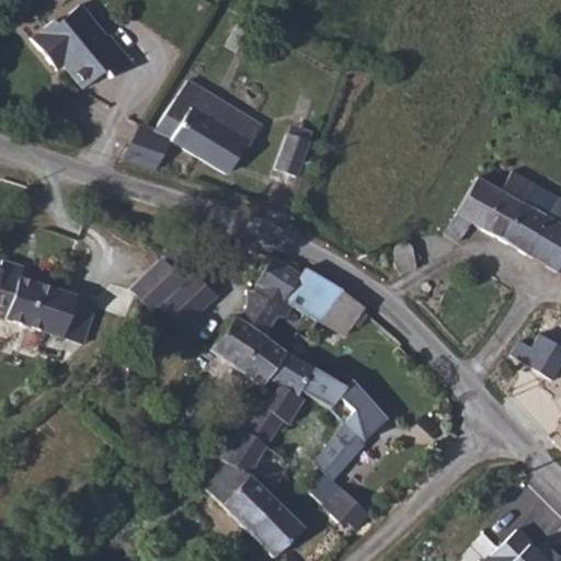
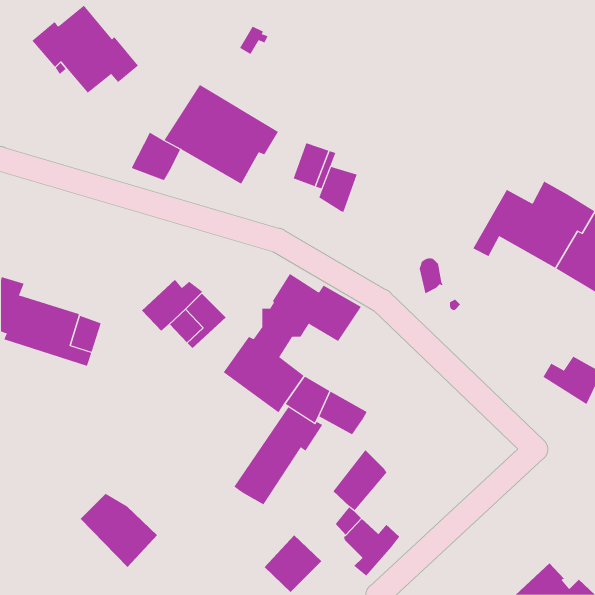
building: none -> [319,166,357,213]
building: [319,288,364,336] -> none
building: [342,378,386,440] -> none
building: [204,462,277,533] -> [80,493,158,568]

